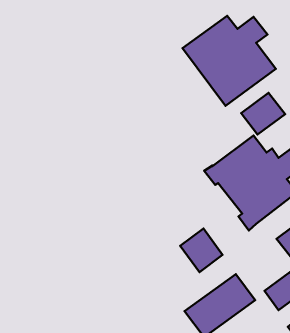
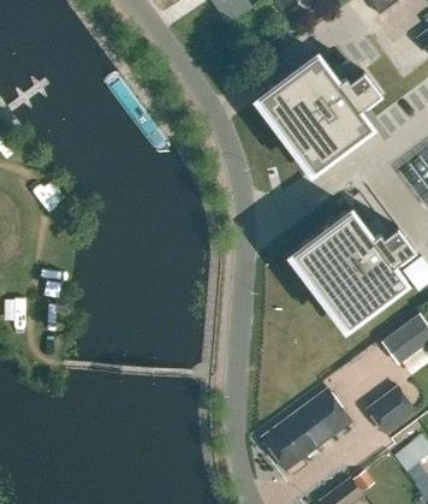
building: [241,93,285,135] -> none
building: [180,229,223,272] -> none

